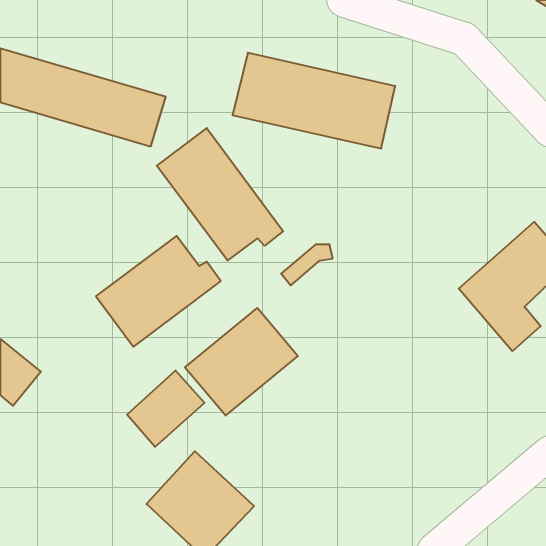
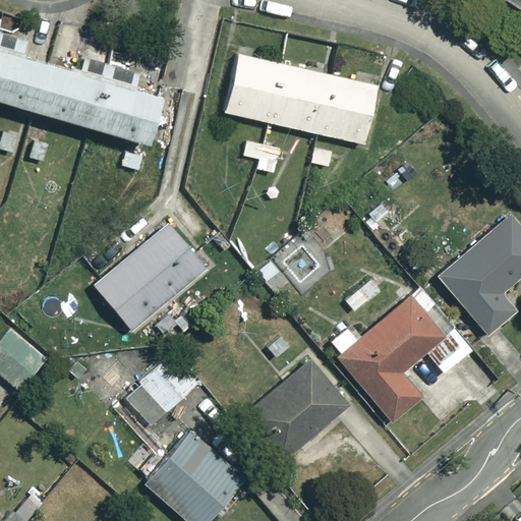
building: [157,128,283,261] -> none
building: [185,308,298,416] -> [242,361,349,463]
building: none -> [327,295,465,422]

